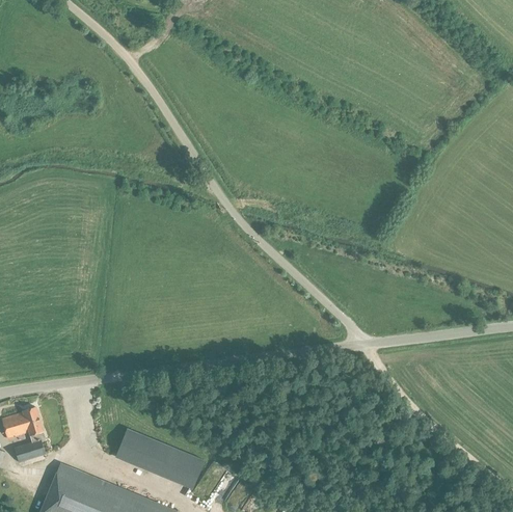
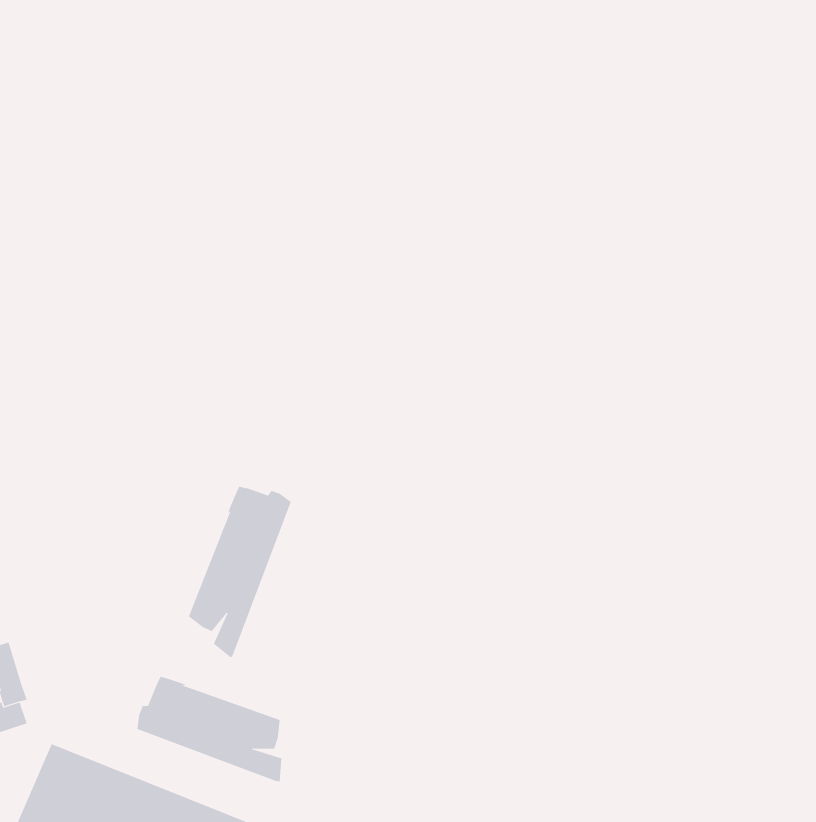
building: none -> [188,486,291,659]

